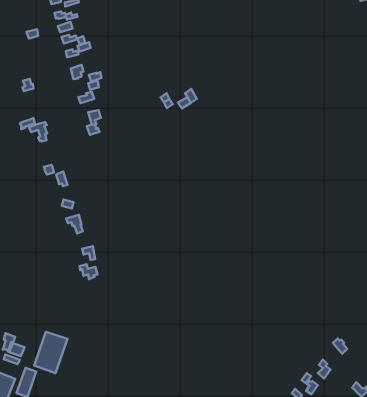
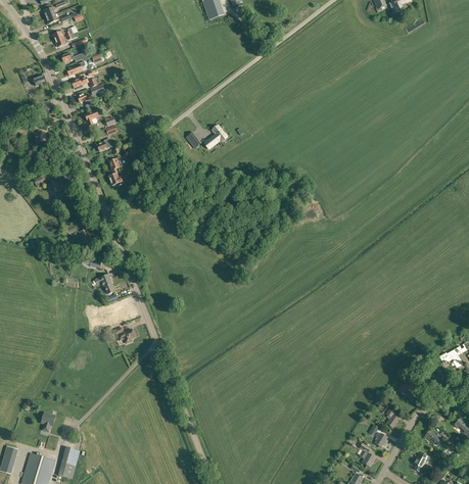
building: [34,332,67,373] -> none

